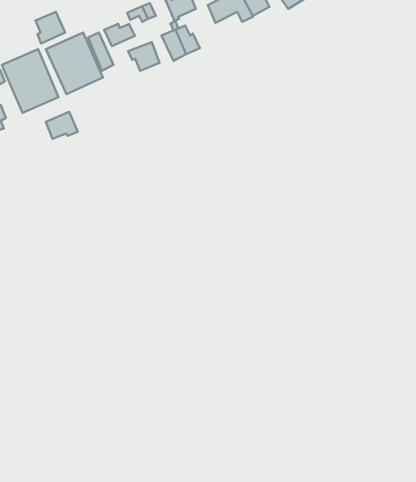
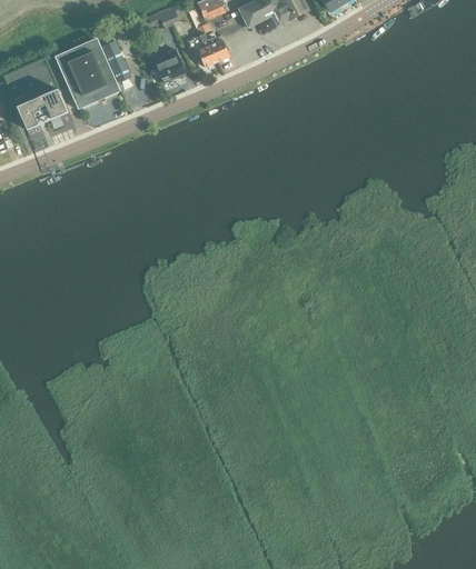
building: [36,12,65,43] -> none
building: [104,24,135,46] -> none
building: [46,112,78,139] -> none

